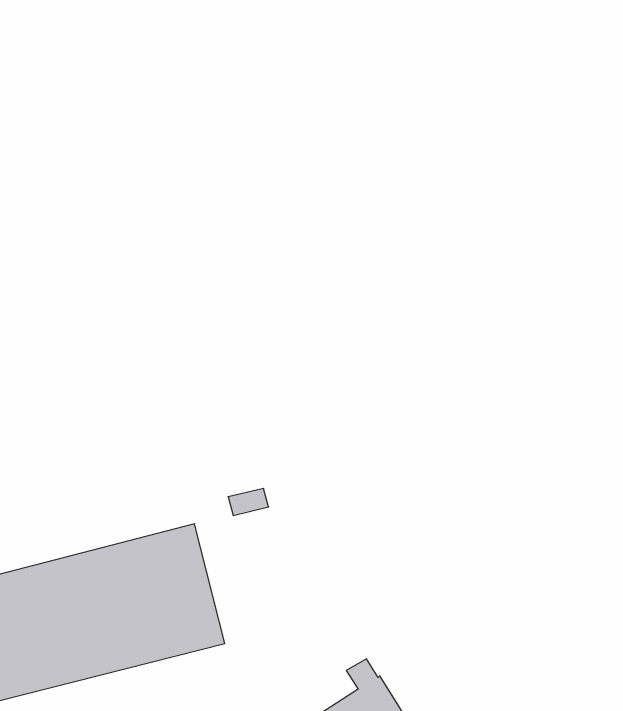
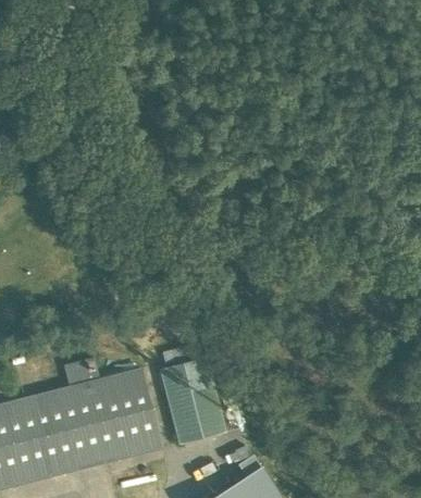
building: none -> [162,359,223,443]

